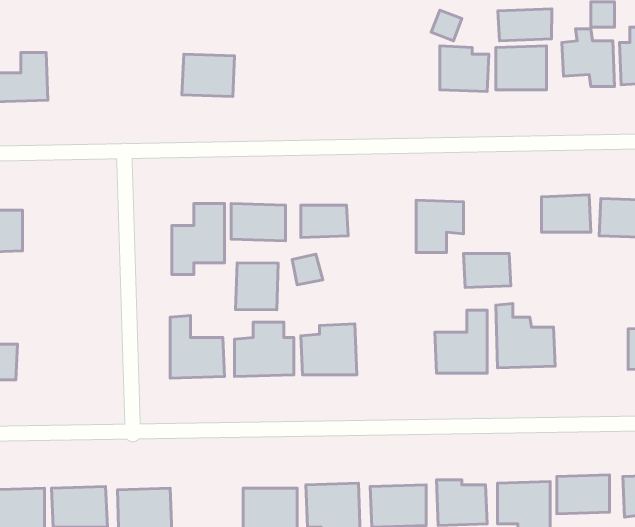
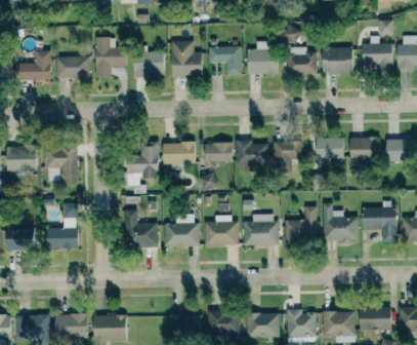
building: [498,9,552,41] -> none
building: none -> [94,37,125,77]
building: none -> [170,40,202,76]
building: none -> [246,41,277,74]
building: none -> [208,46,242,75]
building: none -> [56,56,89,78]
building: none -> [236,140,267,168]
building: none -> [44,147,78,185]
building: [463,254,511,287] -> [315,138,343,158]
building: [236,263,278,310] -> none
building: none -> [45,207,77,250]
building: none -> [361,207,397,243]
building: none -> [244,214,278,245]

